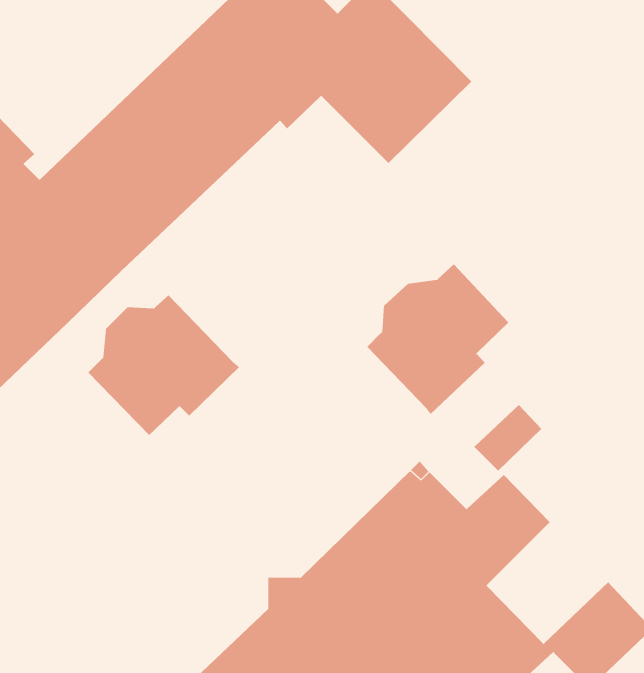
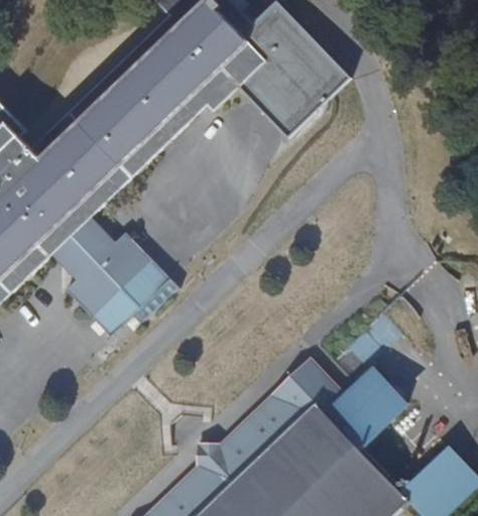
building: [366,264,509,415] -> none
building: none -> [51,217,115,280]

